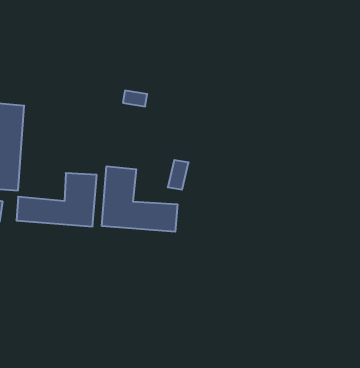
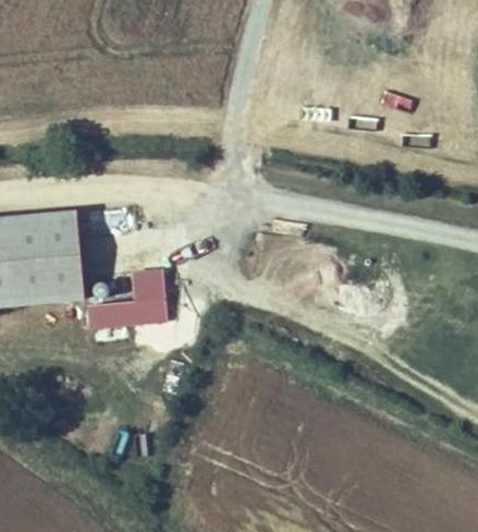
building: [102,166,177,232] -> none

